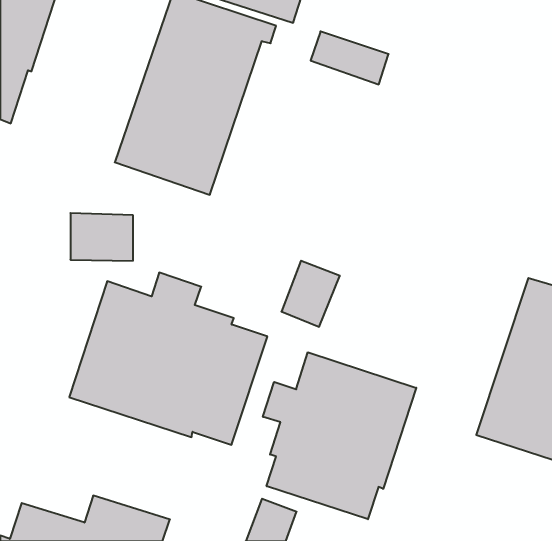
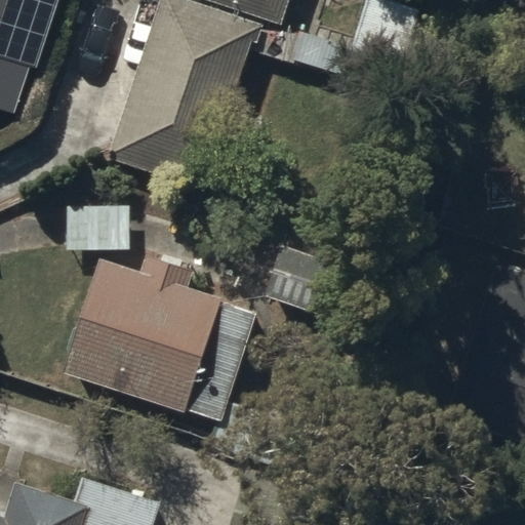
building: [263,352,416,519] -> none

